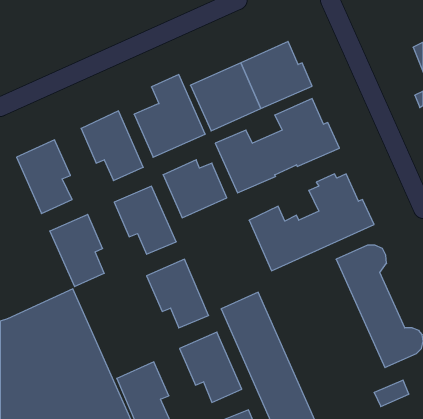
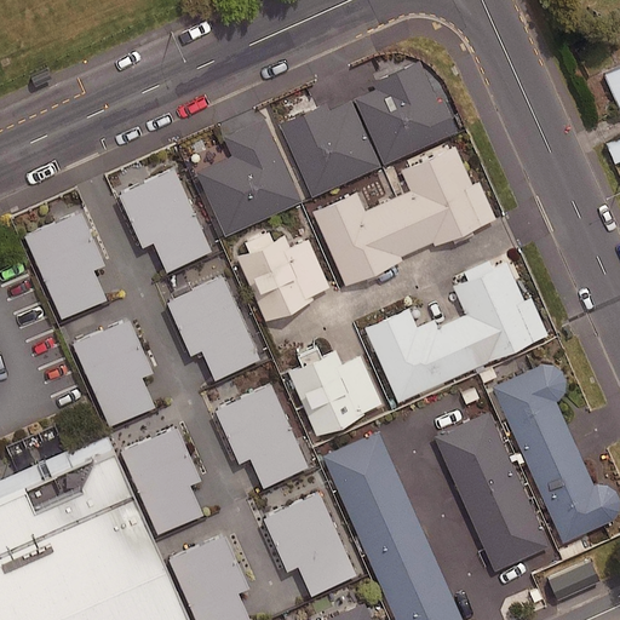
building: none -> [287,346,381,434]
building: none -> [435,413,547,572]
building: none -> [119,424,201,533]

